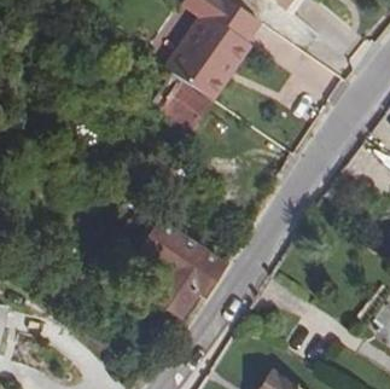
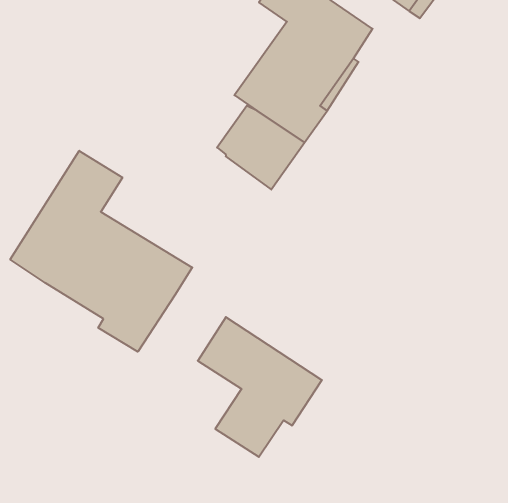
building: none -> [10,151,192,352]

